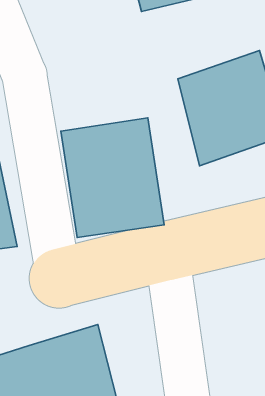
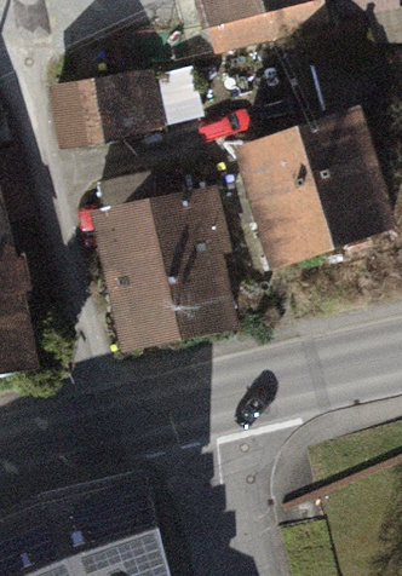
building: none -> [58,69,168,150]

